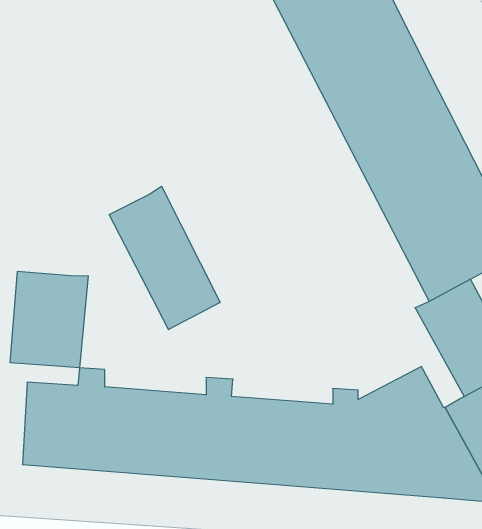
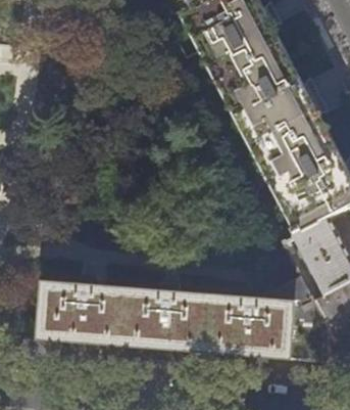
building: [109,186,220,330] -> none
building: [10,271,88,368] -> none

